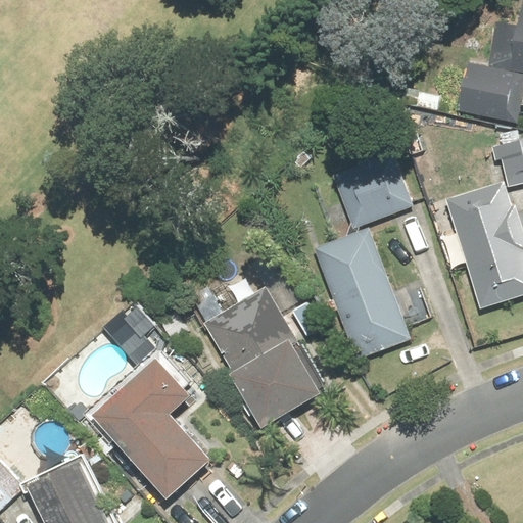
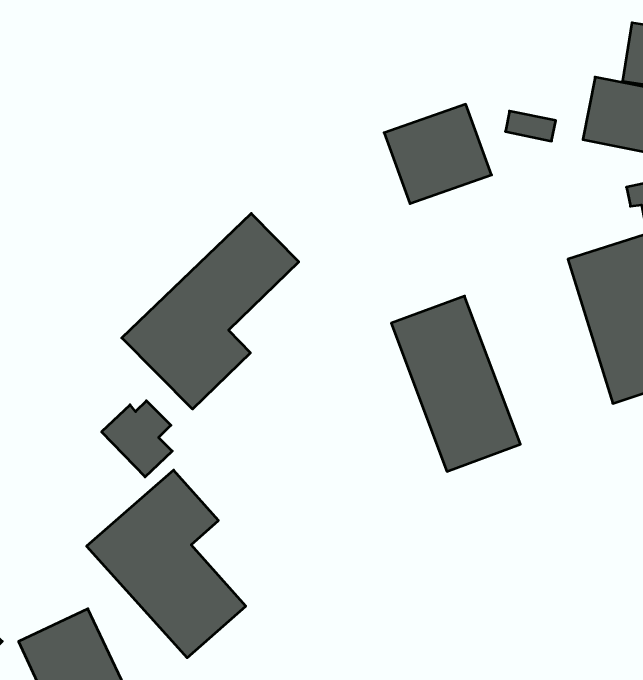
building: [333,153,414,228] -> [384,104,492,204]
building: none -> [122,213,299,409]
building: [204,286,326,429] -> none

